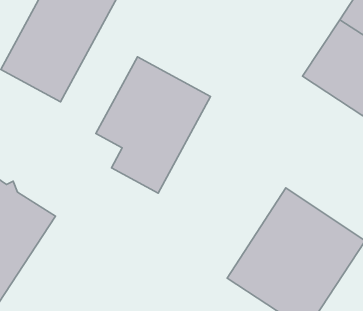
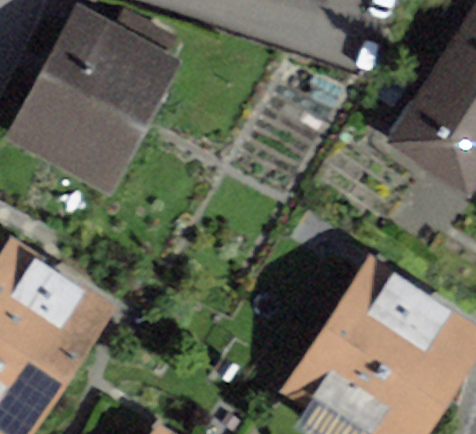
building: [96,57,211,193] -> none

